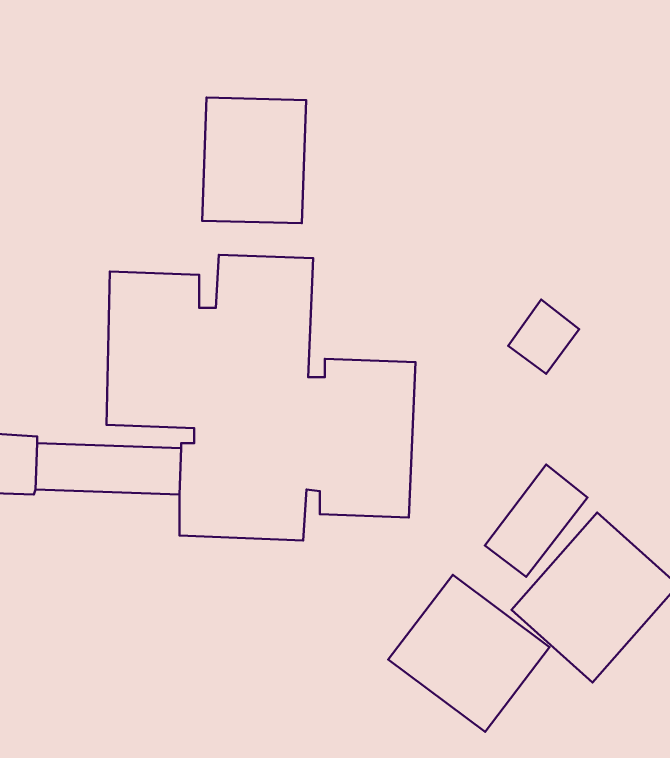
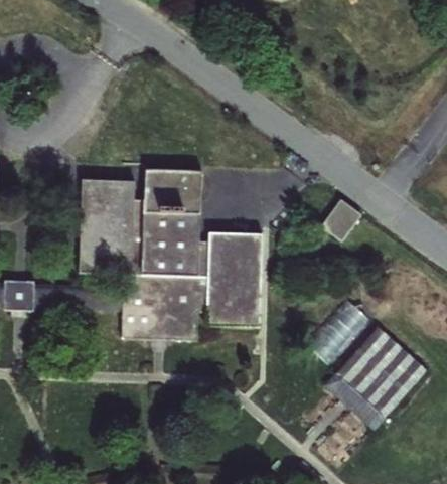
building: [202,98,306,223] -> none
building: [388,575,549,732] -> none

